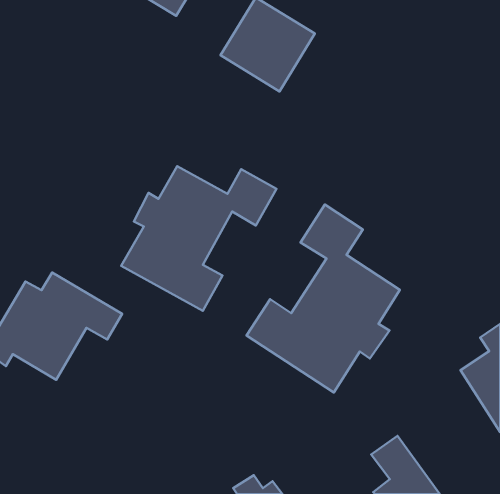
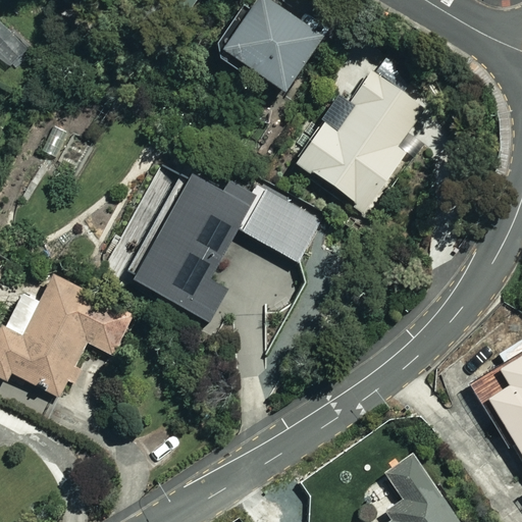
building: none -> [294,70,422,208]
building: [246,205,400,393] -> none

